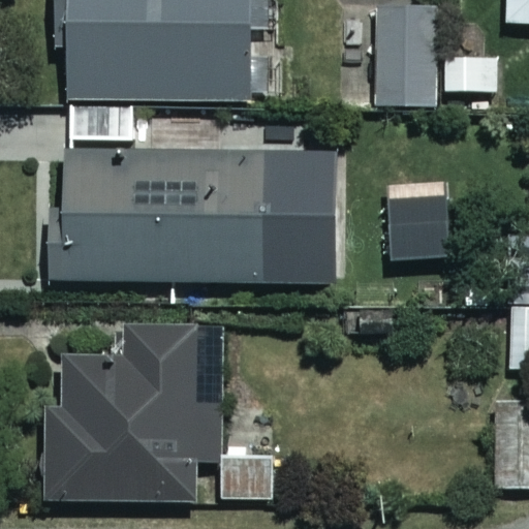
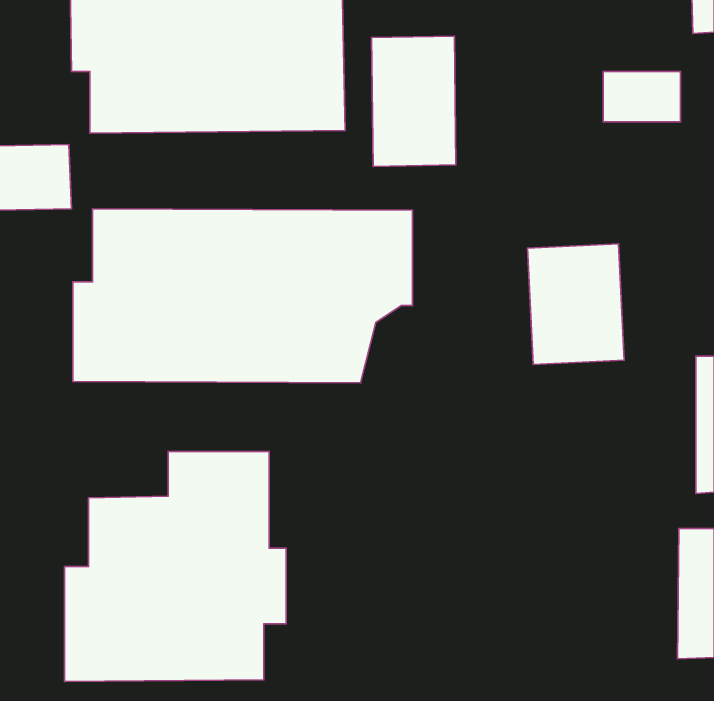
building: [373,5,435,101] -> [372,36,456,166]

